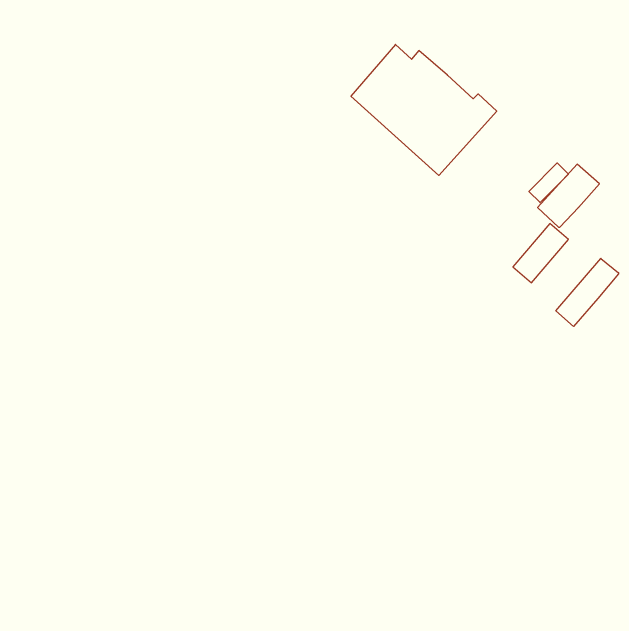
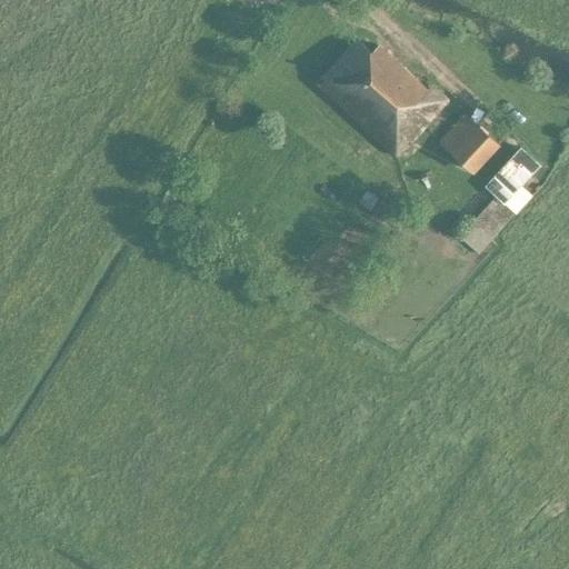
building: none -> [441,116,498,172]
building: [556,258,619,326] -> none

